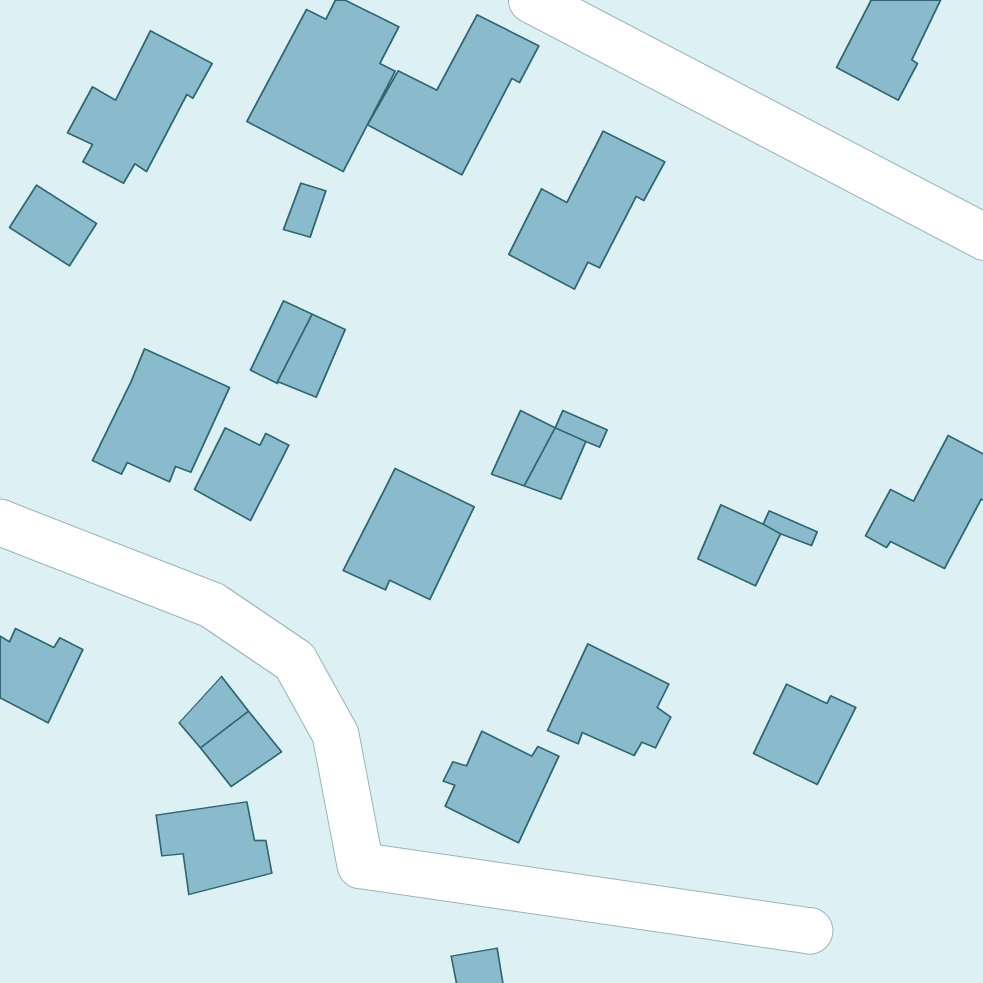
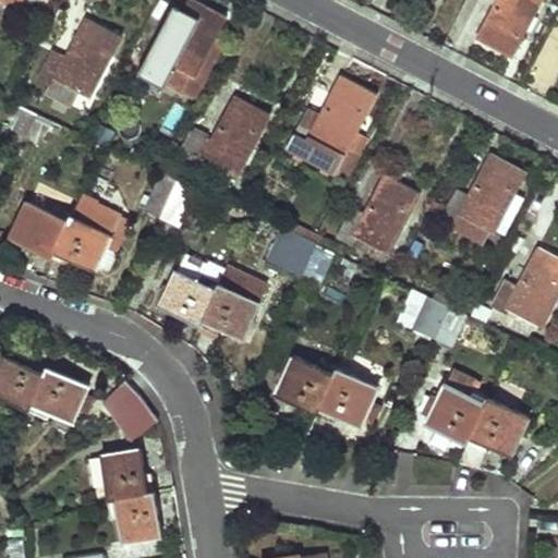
building: [367,15,539,175] -> [172,97,269,187]
building: none -> [444,151,525,241]
building: none -> [338,174,417,250]
building: none -> [13,205,75,262]
building: [194,428,289,520] -> [163,271,217,324]
building: none -> [28,368,96,425]
building: none -> [463,401,527,460]
building: [443,731,559,843] -> [268,351,333,414]
building: none -> [108,495,162,546]

